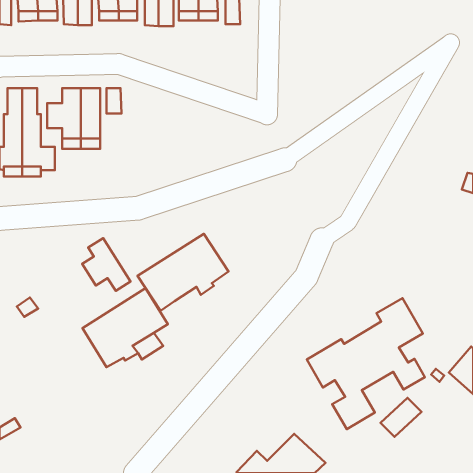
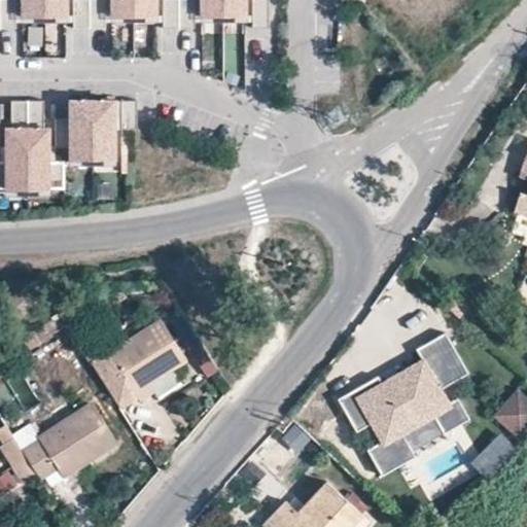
building: [138,234,228,311] -> none
building: [82,238,130,291] -> none
building: none -> [22,402,117,478]
building: [381,398,421,437] -> [471,433,517,477]

